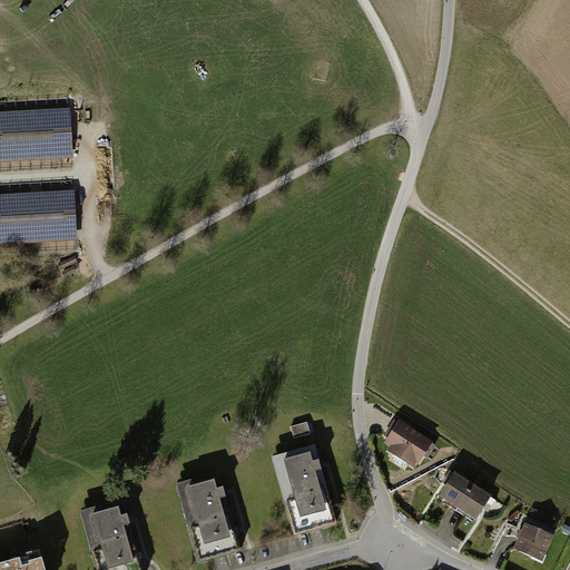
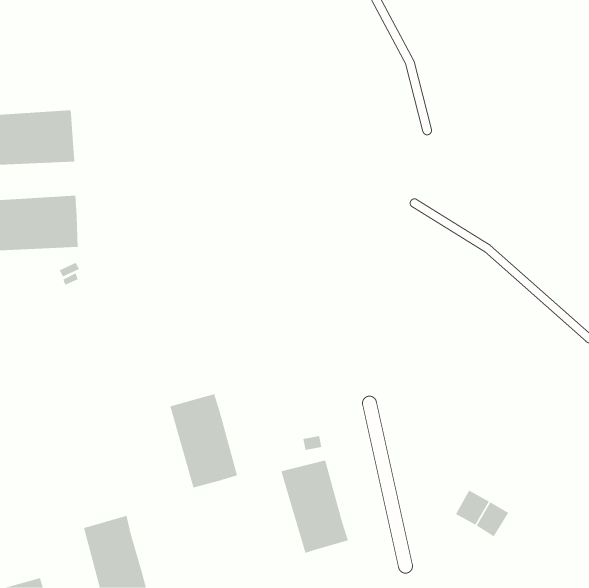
building: [382,420,432,466] -> none
building: [176,469,242,560] -> [170,393,238,488]
building: [511,523,552,562] -> none

